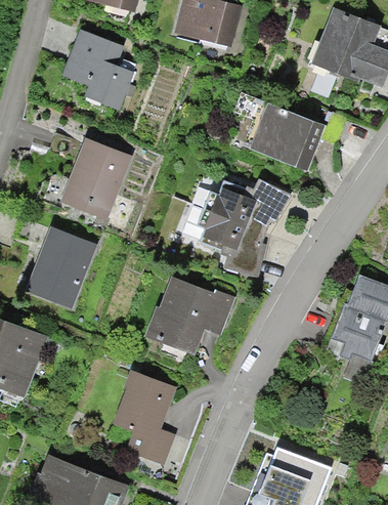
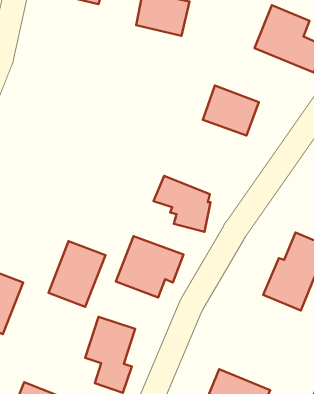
building: [61,29,134,113] -> none
building: [67,140,129,211] -> none
building: [210,175,290,232] -> none
building: [30,232,96,308] -> [48,241,105,307]

